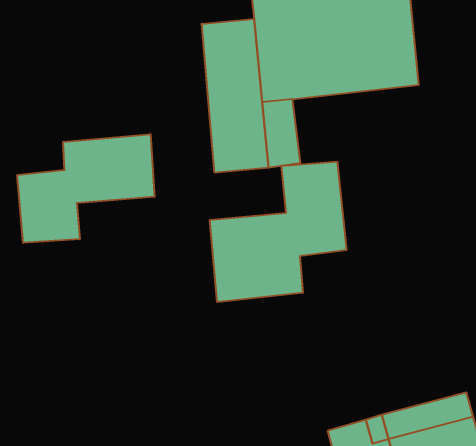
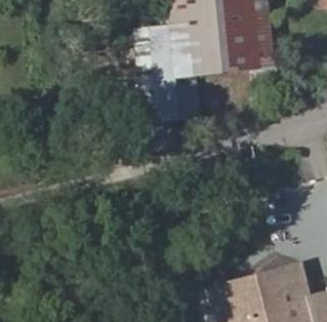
building: [17,134,154,243] -> none
building: [210,162,346,302] -> none

